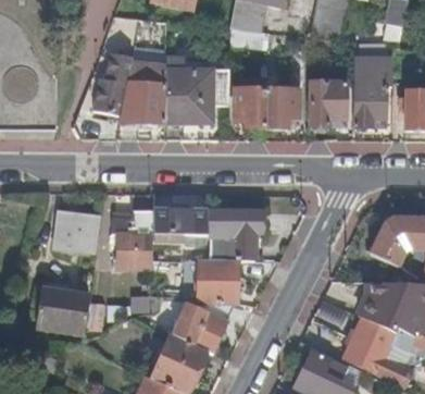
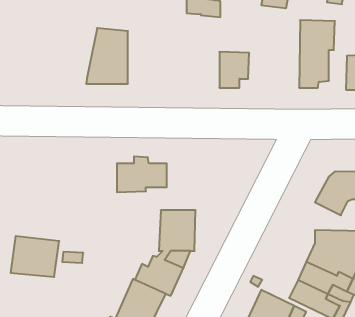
building: [166,51,229,123] -> none
building: [97,53,134,114] -> none
building: [309,82,345,125] -> none
building: [234,87,266,126] -> none
building: [114,209,154,268] -> none
building: [209,209,263,260] -> none
building: [57,214,100,251] -> none

